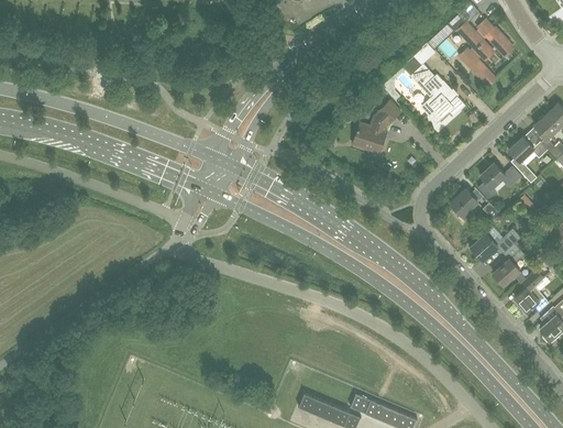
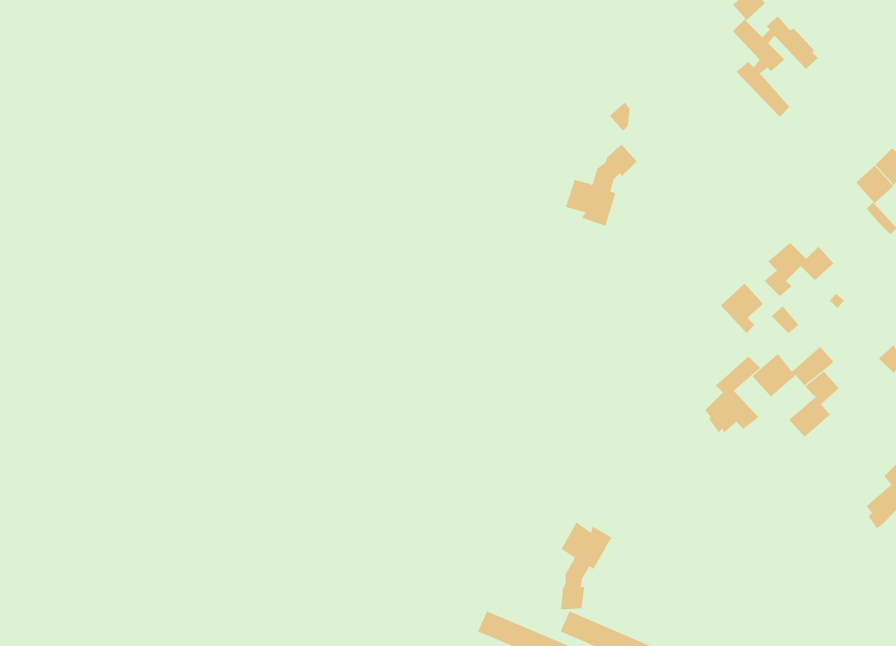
building: [402,55,466,122] -> none
building: [509,136,549,180] -> none
building: [516,264,551,312] -> [705,356,761,433]
building: none -> [561,522,612,610]

